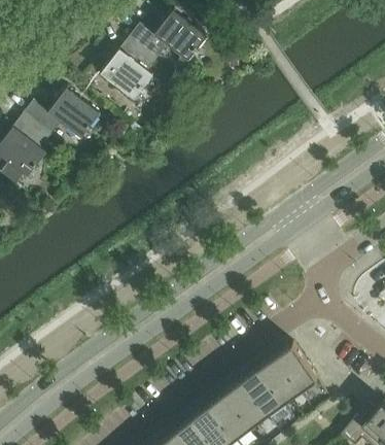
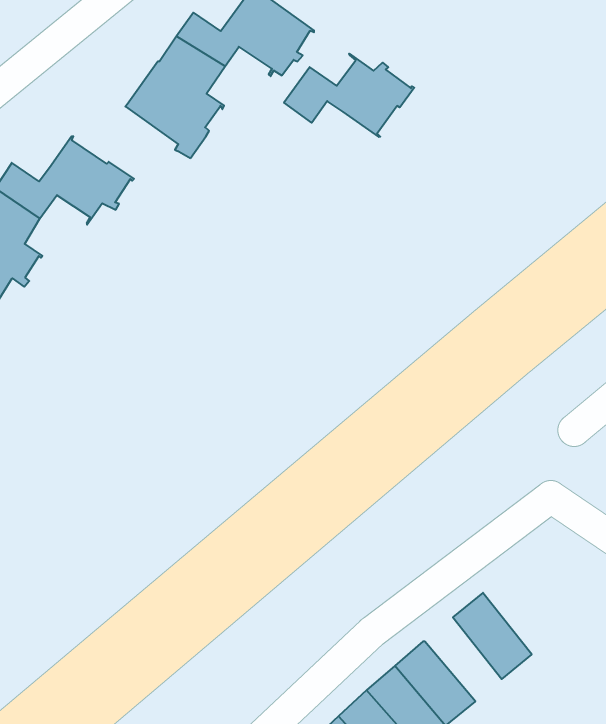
building: none -> [284,54,414,137]
building: [276,343,318,391] -> none
building: [242,368,283,415] -> none

